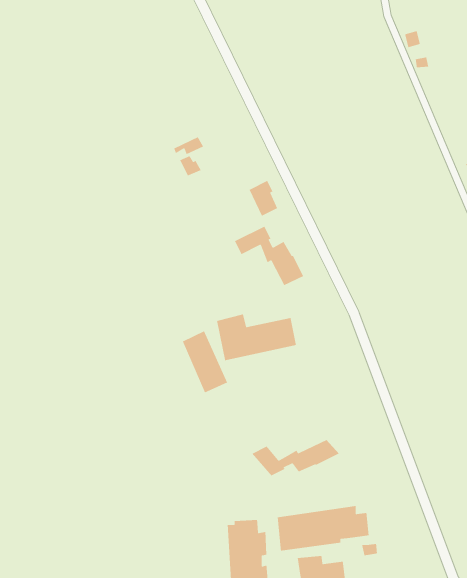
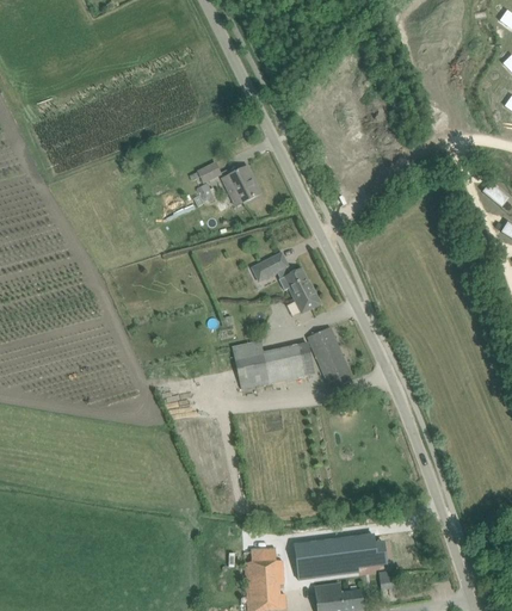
building: [249,180,278,217] -> [228,165,258,202]
building: [182,330,228,393] -> [307,326,353,389]
building: [251,439,340,477] -> none

